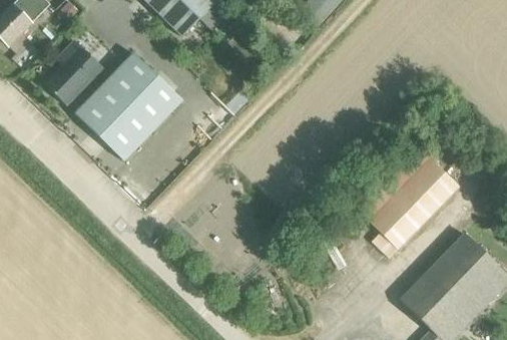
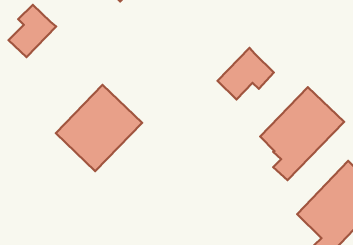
building: [75,52,182,159] -> [56,85,142,171]
building: none -> [218,48,274,100]

